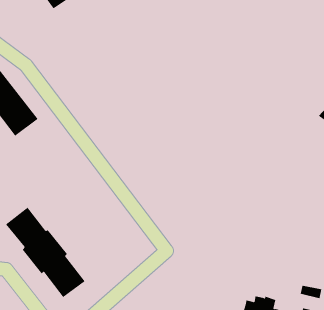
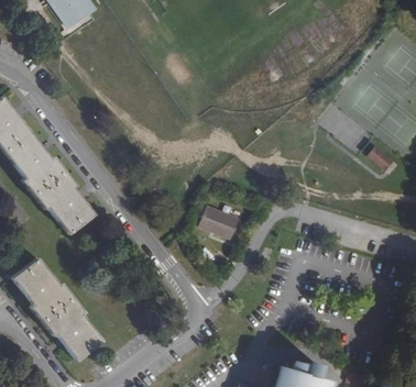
building: none -> [24,157,96,235]
building: none -> [198,208,238,240]

